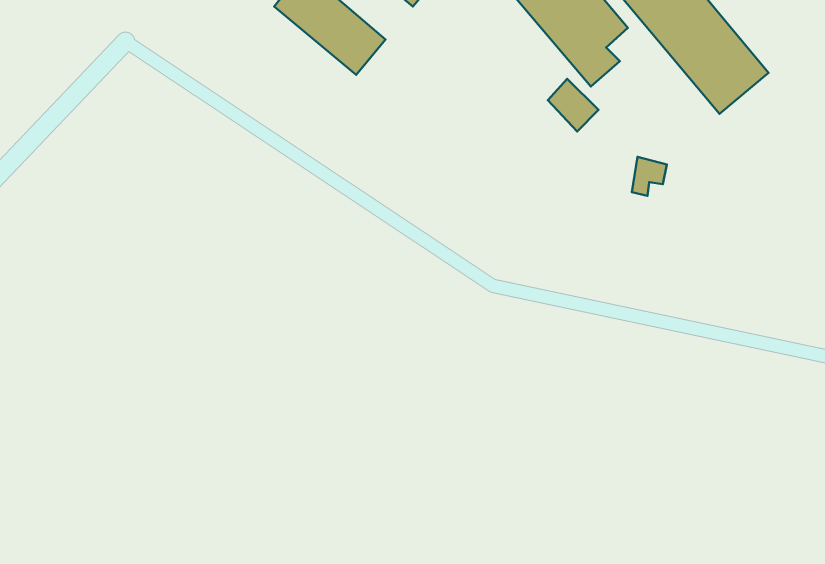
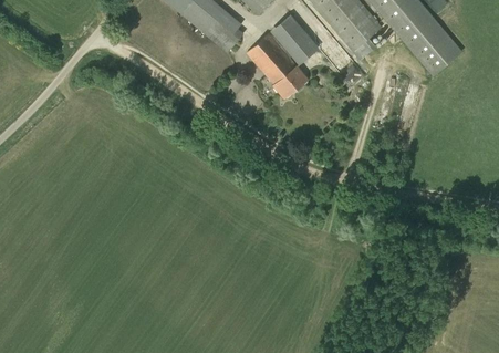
building: none -> [246,18,312,97]

